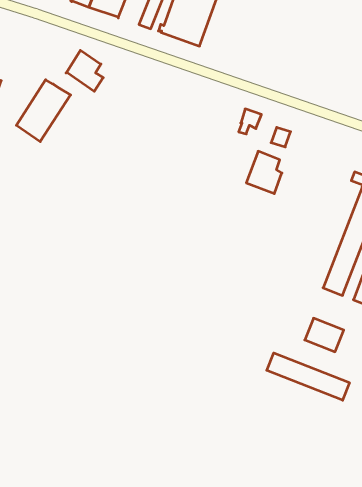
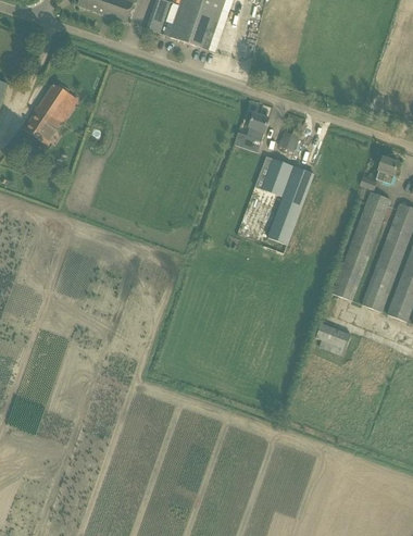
building: [66,50,103,91] -> none
building: none -> [267,165,314,245]
building: [267,353,349,400] -> none

